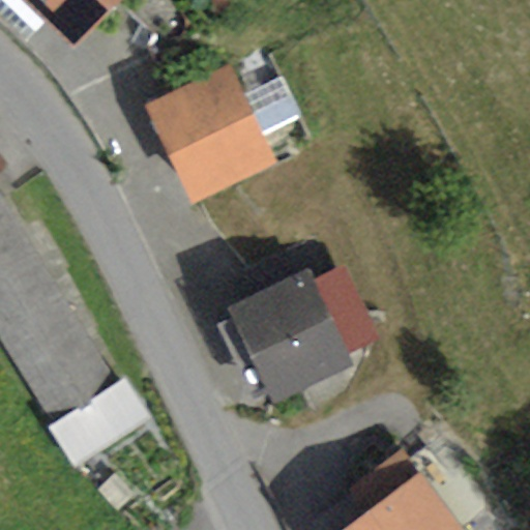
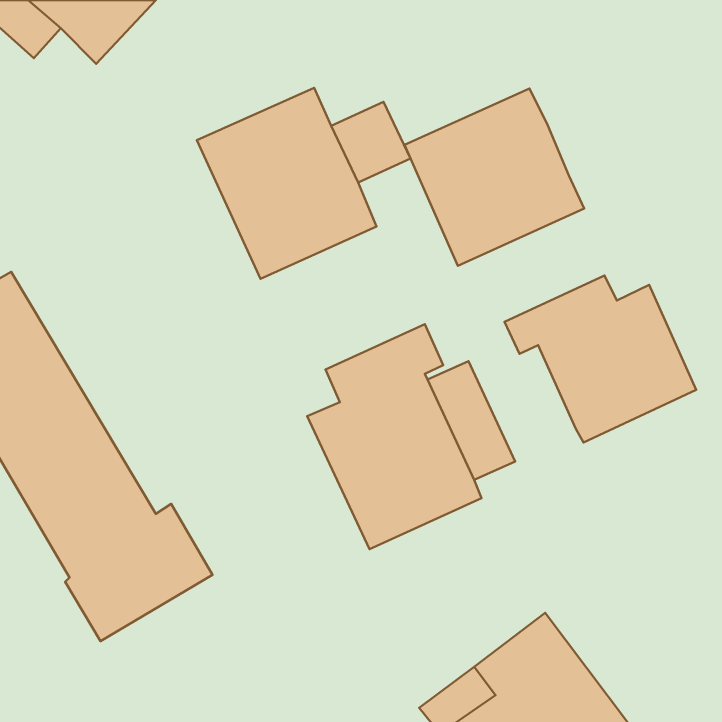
building: none -> [405,88,584,266]
building: none -> [504,276,696,442]

